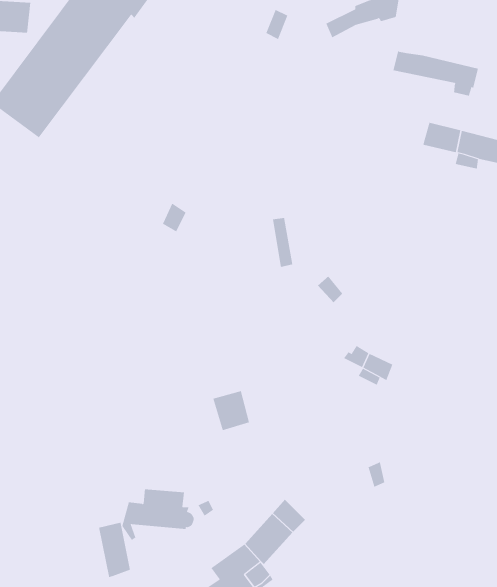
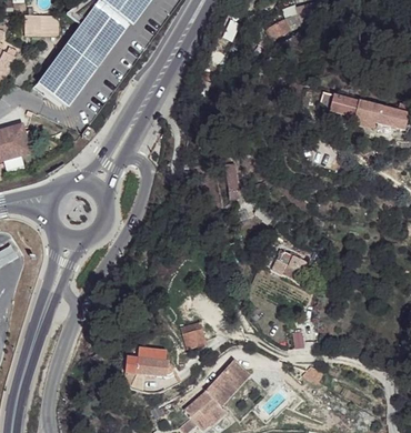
building: [393,50,478,96] -> none
building: [213,390,250,431] -> [180,321,206,349]
building: [98,522,131,578] -> none

